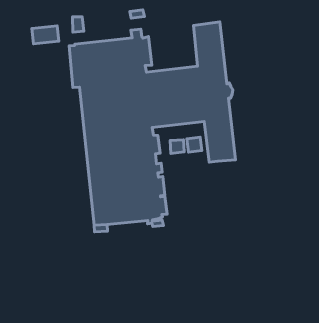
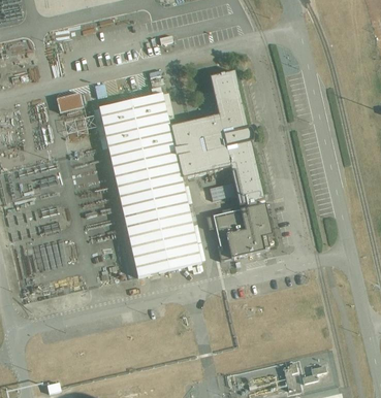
building: none -> [207,198,273,259]

